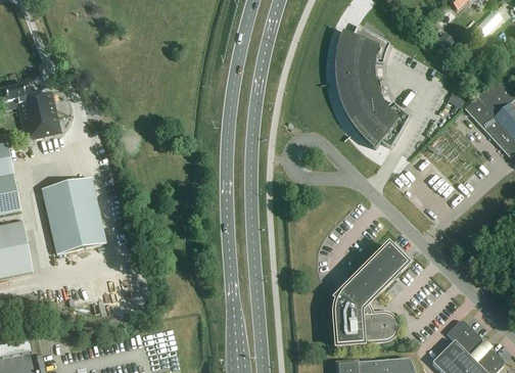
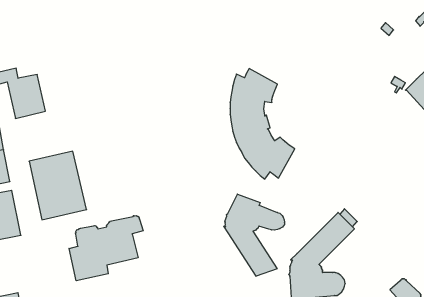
building: [335,25,408,148] -> [230,69,295,179]
building: none -> [224,194,284,276]
building: none -> [69,216,143,281]

